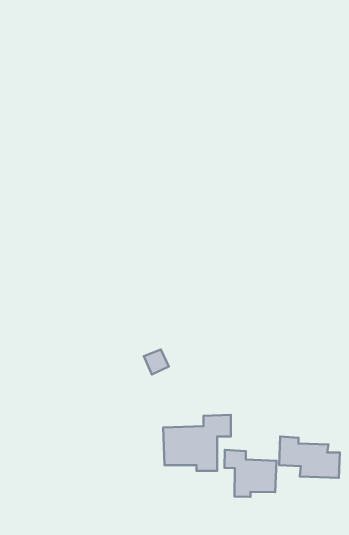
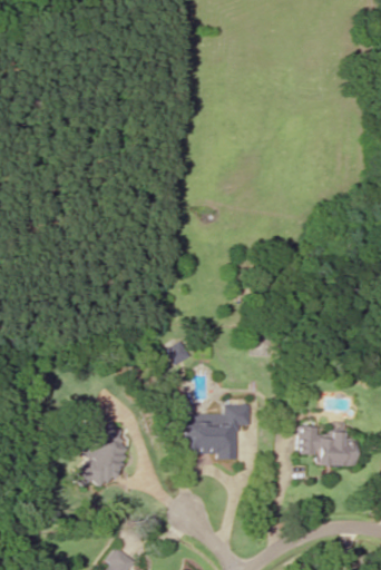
building: none -> [72,409,133,488]
building: [224,450,277,497] -> none

